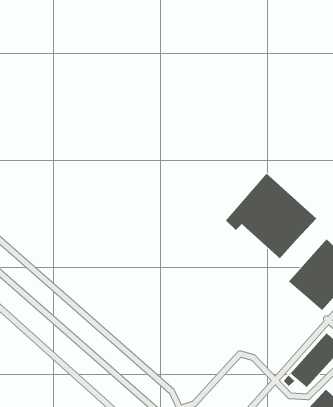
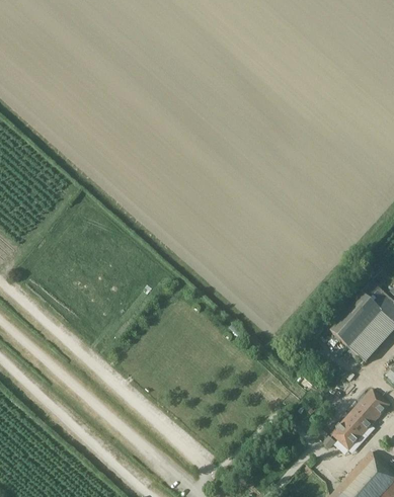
building: [225,173,317,259] -> none

